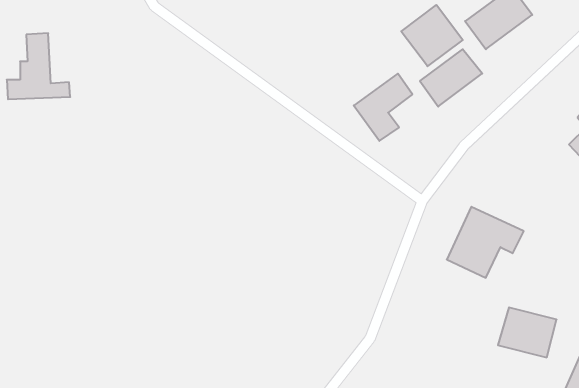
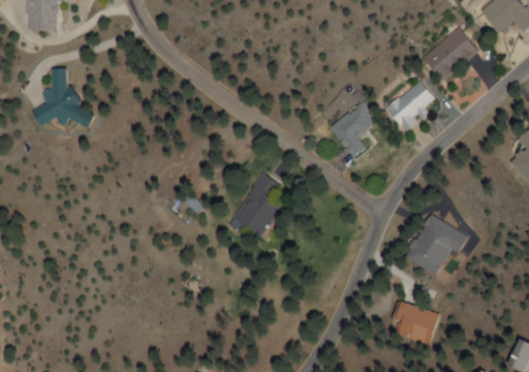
building: [401,5,463,66] -> none
building: none -> [227,173,285,239]
building: [498,307,557,357] -> [390,302,439,344]

